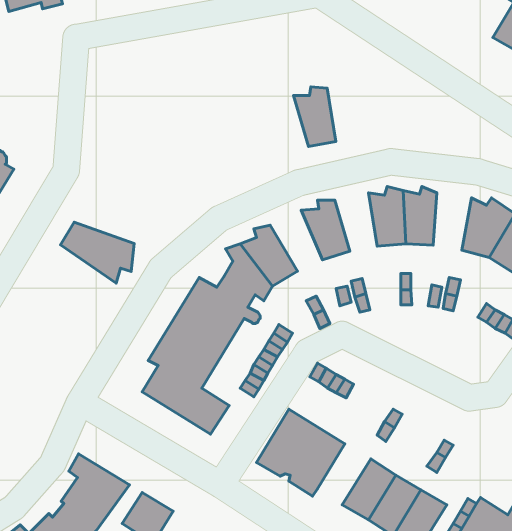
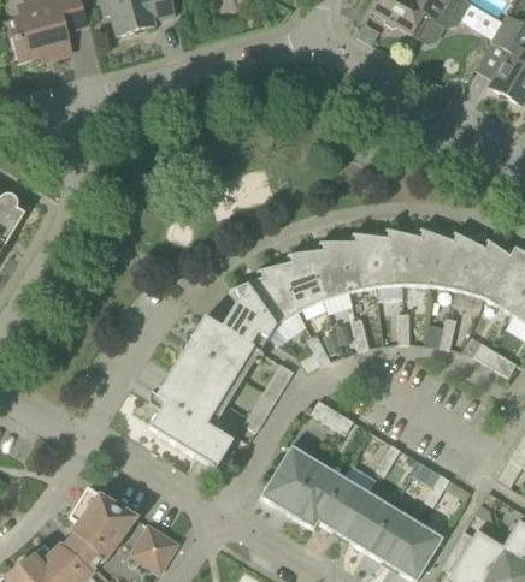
building: [293,87,336,146] -> [335,233,376,291]
building: none -> [430,232,467,290]
building: none -> [272,251,323,310]
building: [60,222,134,283] -> none
building: none -> [318,477,370,536]

